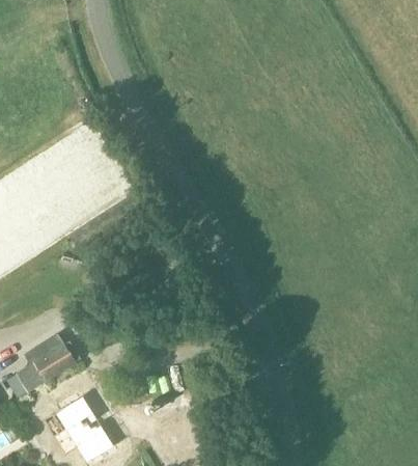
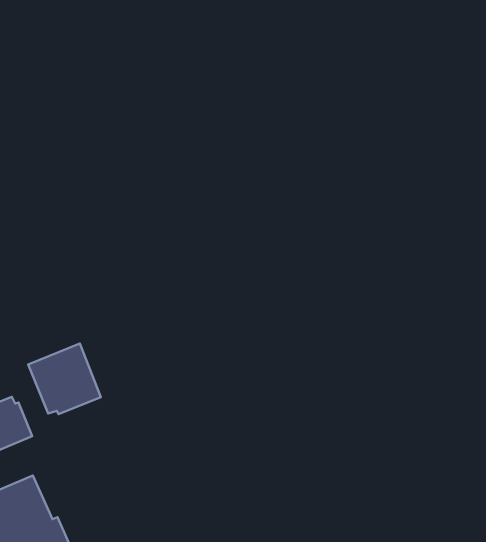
building: none -> [28,344,101,414]

